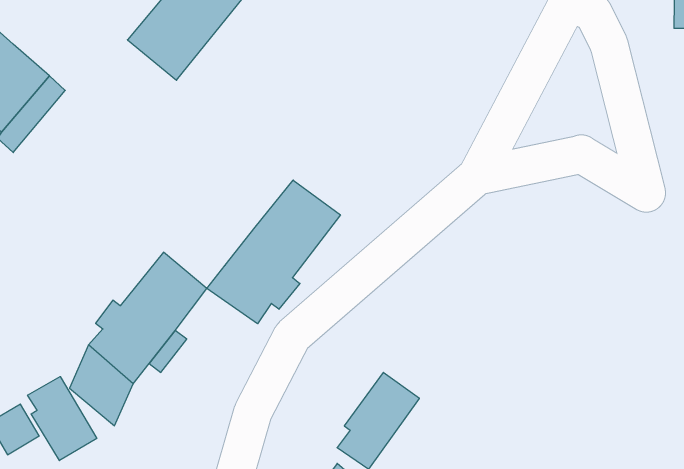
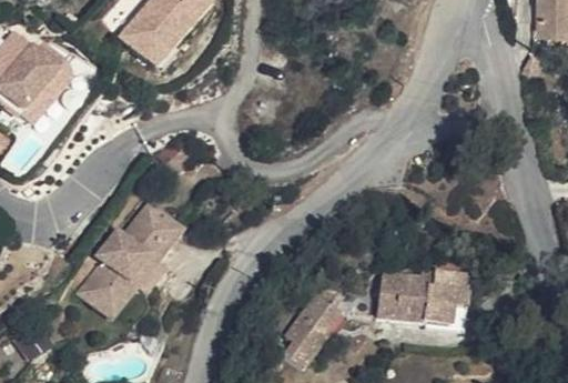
building: [207,180,340,324] -> none
building: none -> [375,269,468,330]
building: [28,377,97,461] -> none

